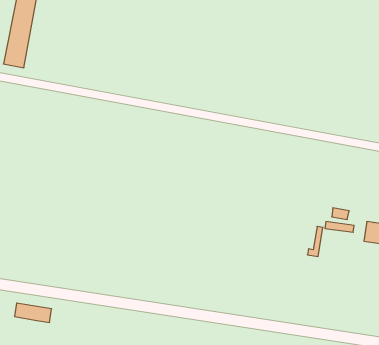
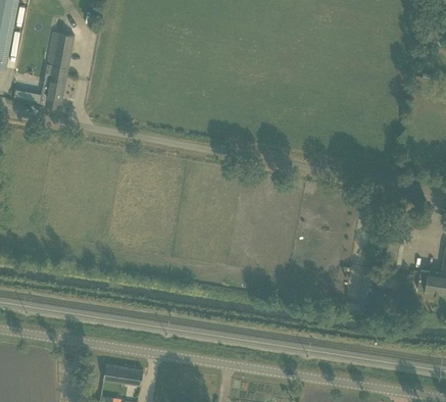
building: [15,303,52,322] -> [103,364,142,385]

